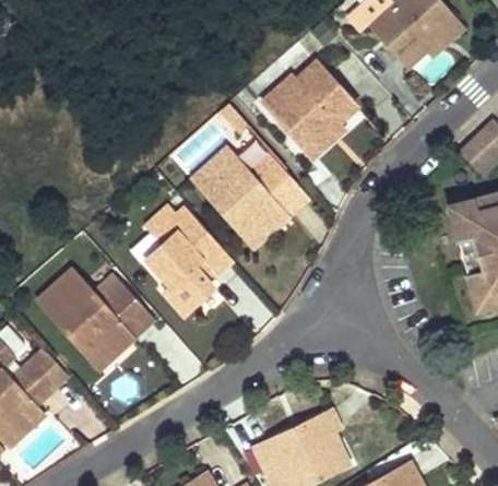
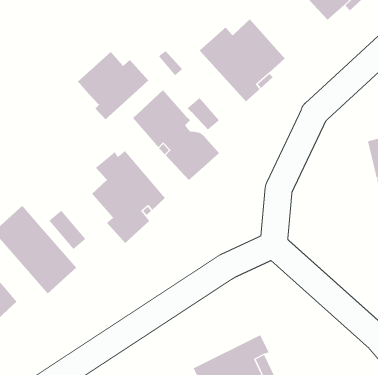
building: none -> [77,51,149,120]
building: [250,170,305,214] -> none
building: [92,288,152,340] -> none

